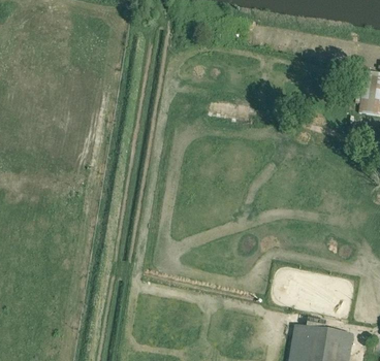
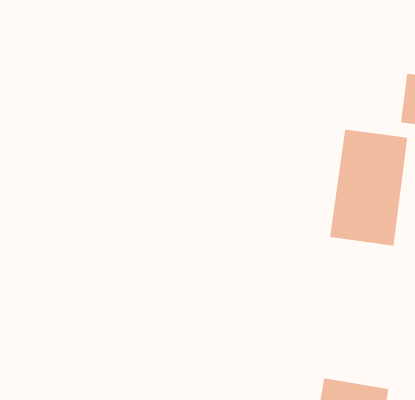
building: none -> [329,129,408,246]

